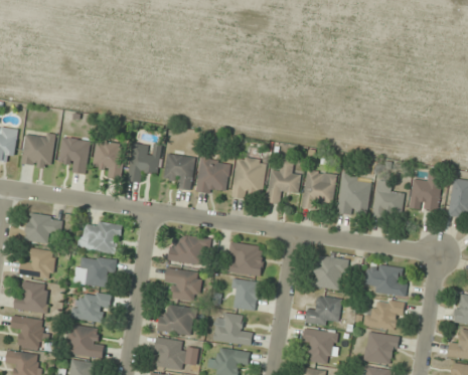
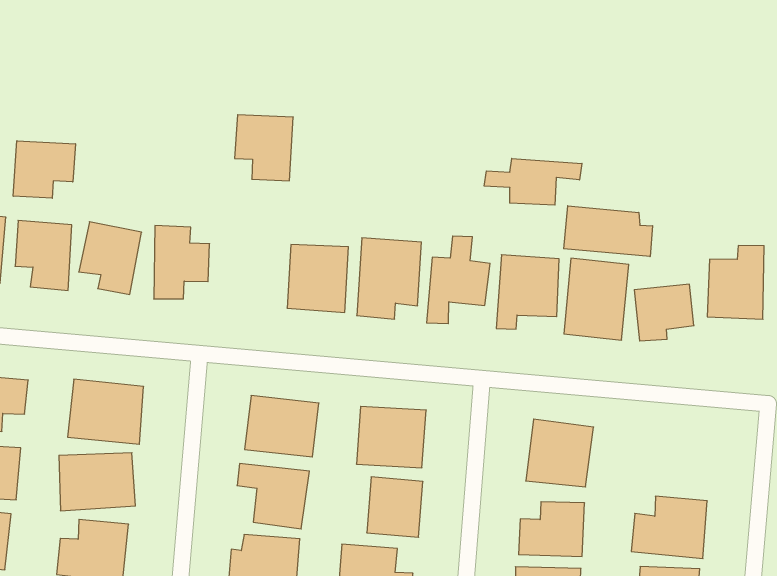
building: none -> [13,141,75,198]
building: none -> [484,158,582,205]
building: none -> [564,206,653,257]
building: [164,154,195,189] -> [235,115,293,181]
building: [363,263,407,297] -> none

